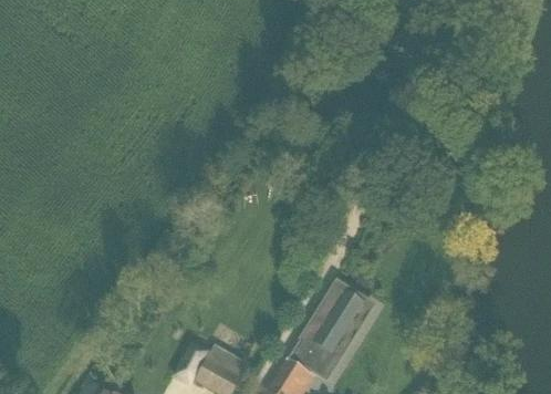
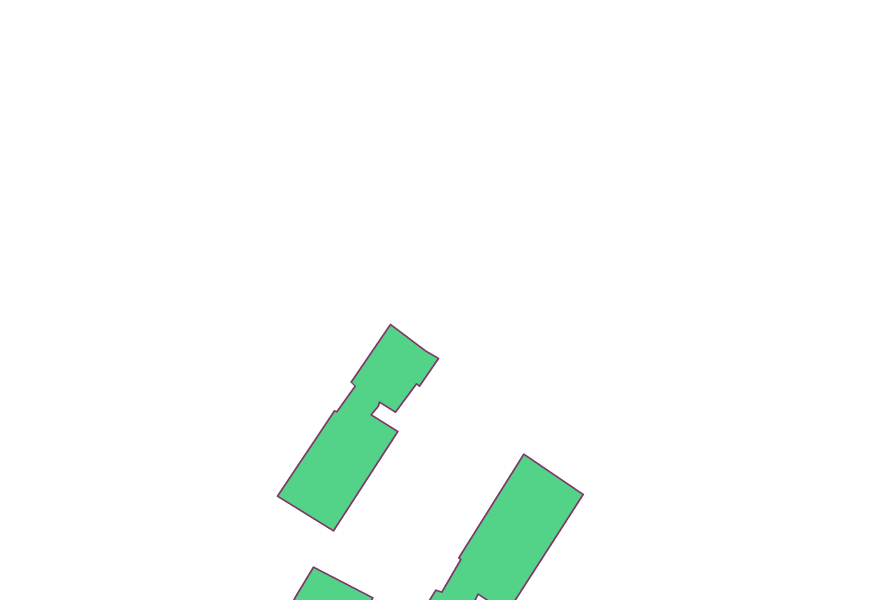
building: none -> [278,324,439,531]

